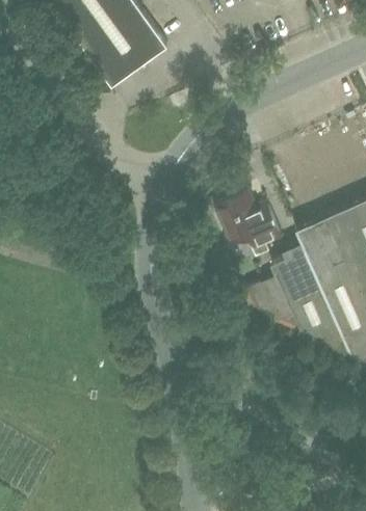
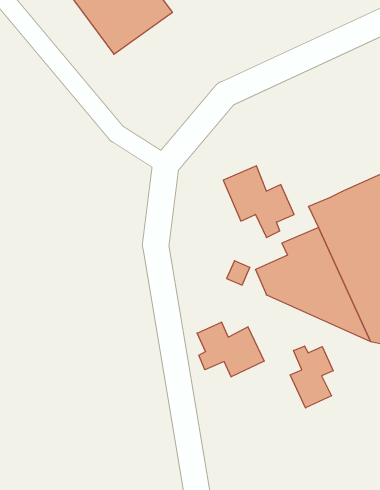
building: none -> [197,322,264,377]
building: none -> [290,346,333,408]

